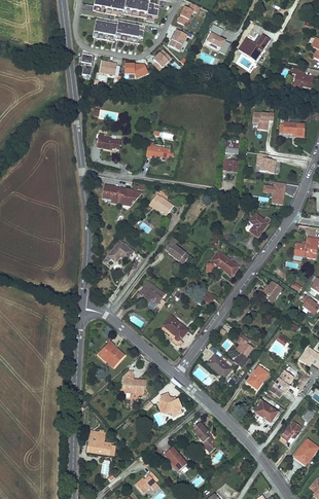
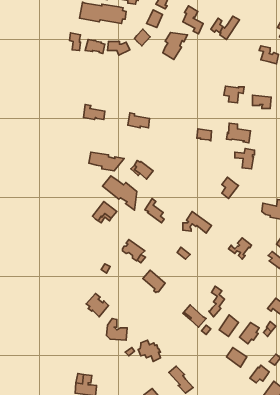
building: none -> [163,33,187,60]
building: none -> [103,176,137,210]

